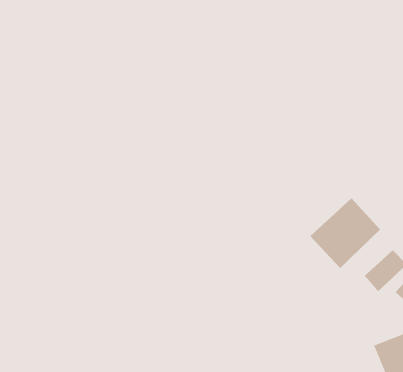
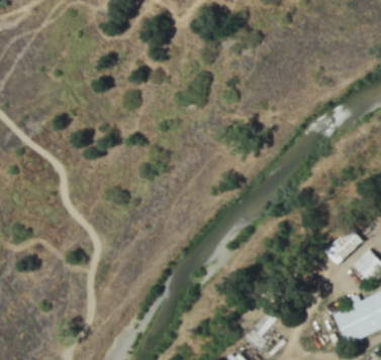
building: [310,197,381,269] -> none

